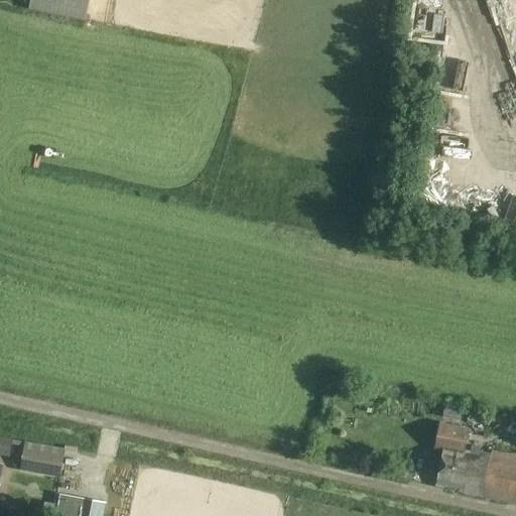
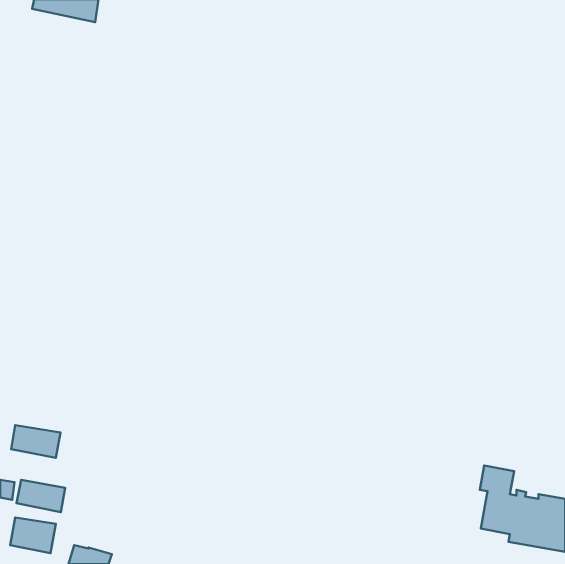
building: none -> [11,425,60,458]
building: none -> [10,517,56,553]

